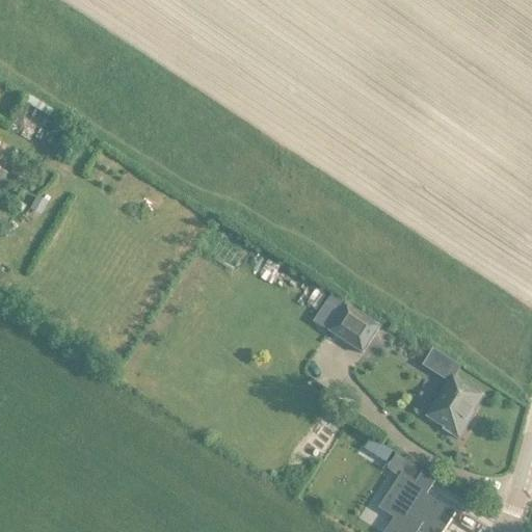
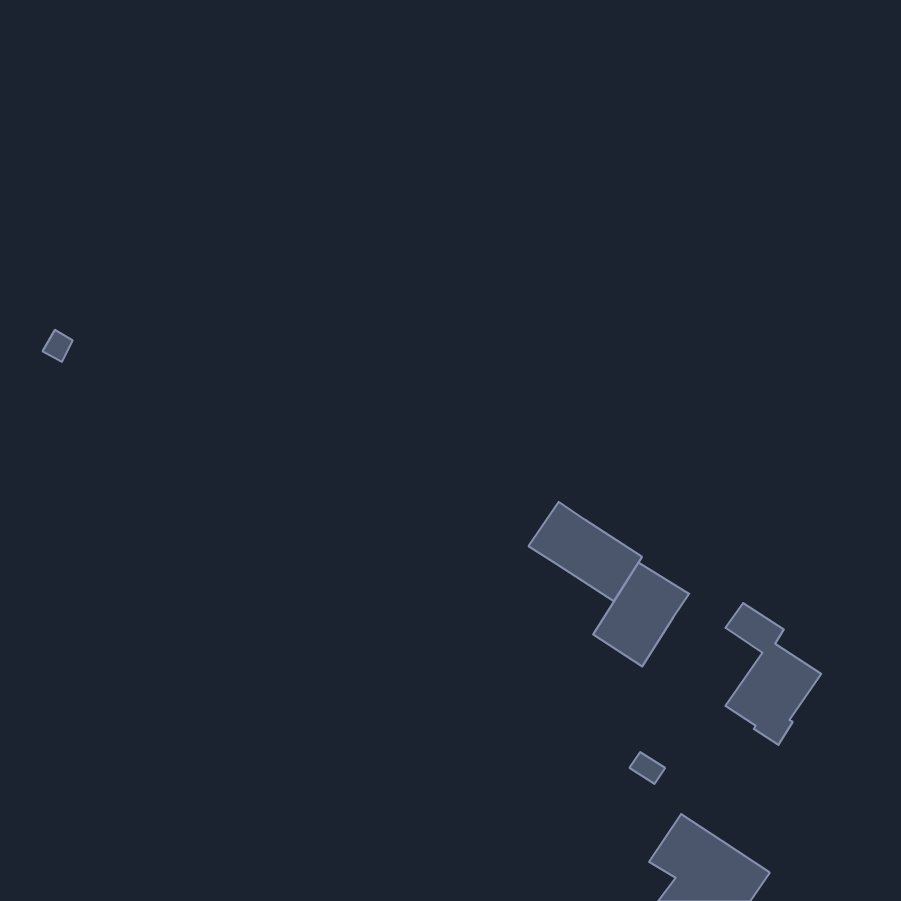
building: none -> [593,562,689,667]
building: [383,452,421,484] -> none

